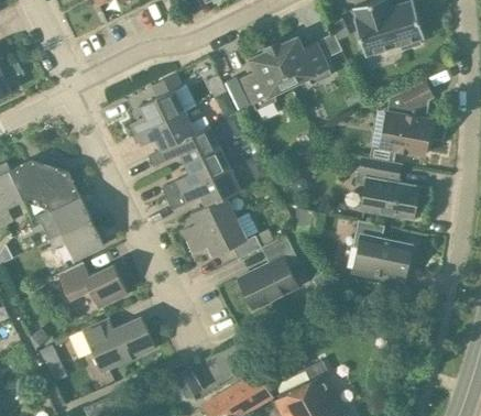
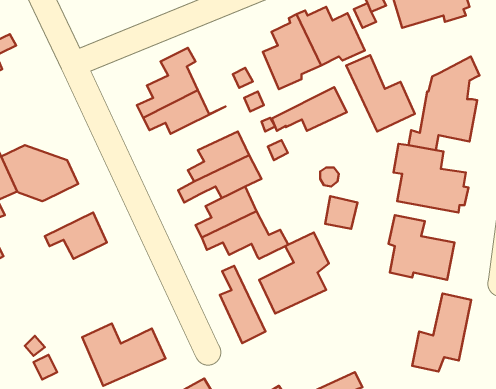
building: none -> [346,55,415,132]
building: [152,125,218,164] -> [272,87,347,131]
building: [43,194,90,240] -> none
building: [56,262,125,308] -> none
building: none -> [220,266,265,343]
building: none -> [412,294,471,372]

